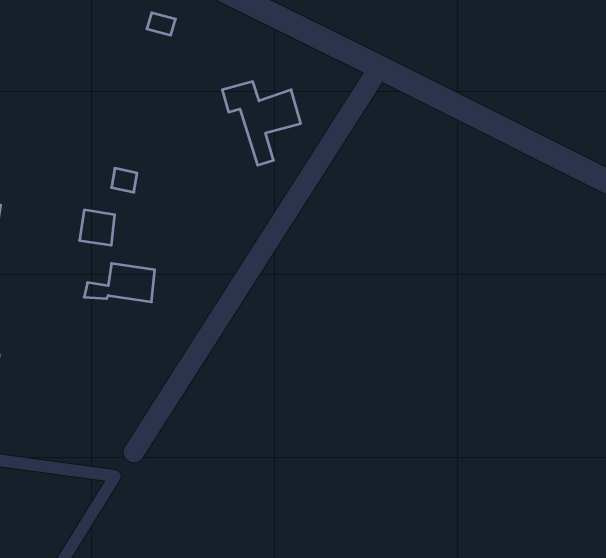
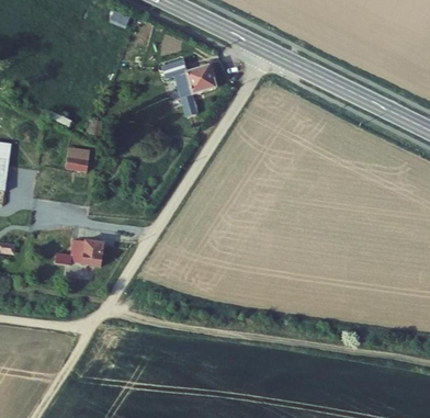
building: [84,263,155,302] -> [55,238,103,264]

